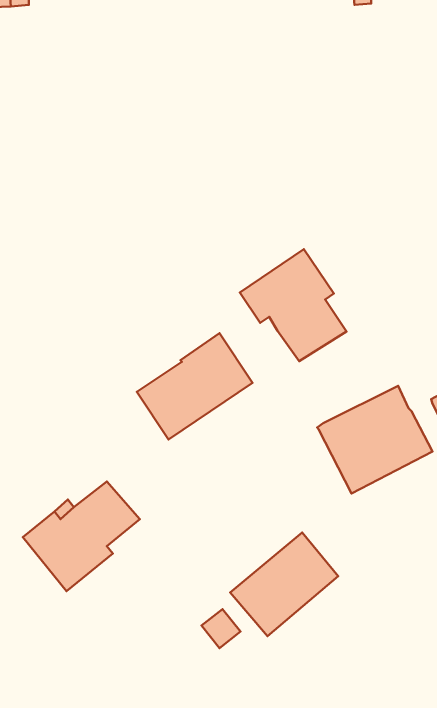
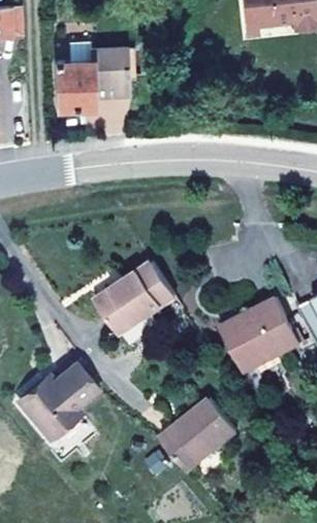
building: none -> [54,41,125,106]
building: [240,249,346,361] -> none

